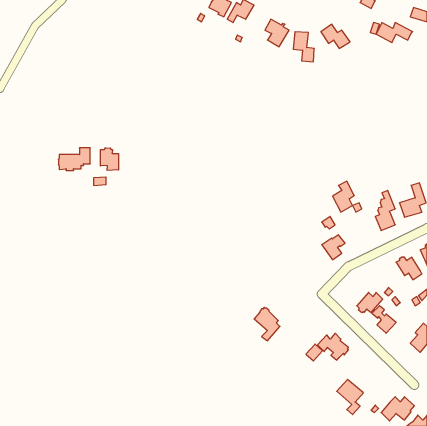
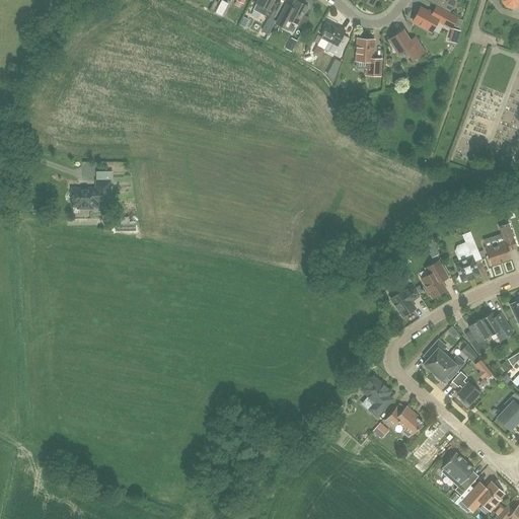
building: [376,23,413,43] -> [413,6,457,30]
building: [100,148,119,170] -> none
building: [333,181,354,212] -> [422,260,448,297]
building: none -> [468,318,491,353]
building: none -> [423,339,447,371]
building: [254,307,280,341] -> [361,375,392,416]
building: [337,379,363,415] -> [442,452,474,495]

